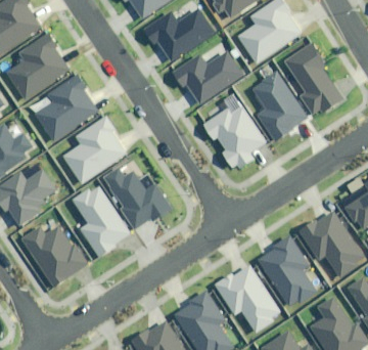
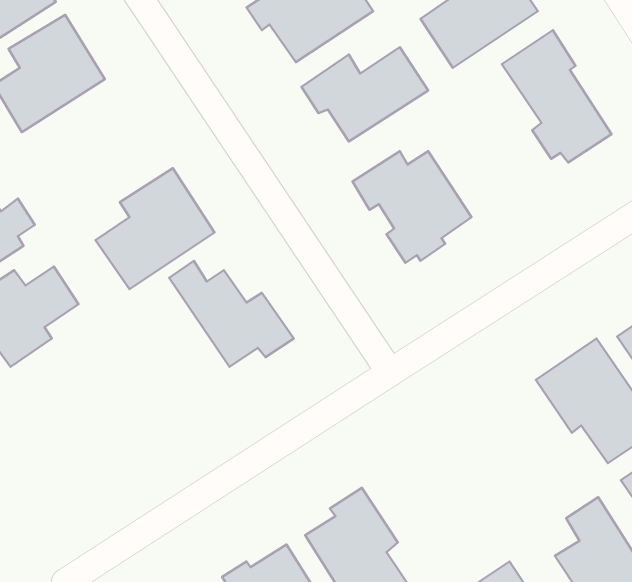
building: [250,72,306,140] -> none
building: [36,75,97,141] -> none
building: [72,184,130,258] -> none
building: [21,227,88,289] -> none
building: [259,236,316,309] -> none
building: [216,265,279,333] -> none

